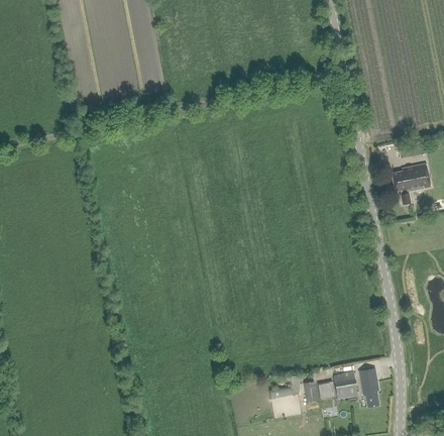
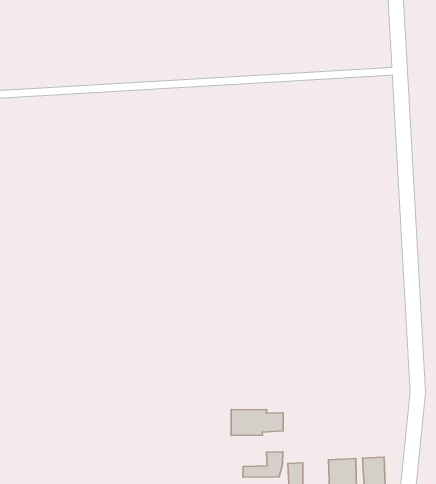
building: none -> [231,410,283,436]

